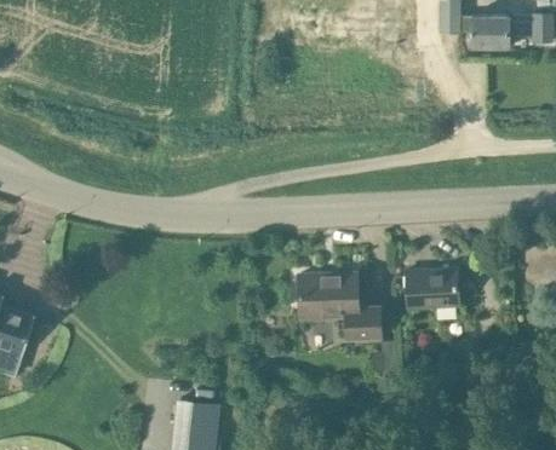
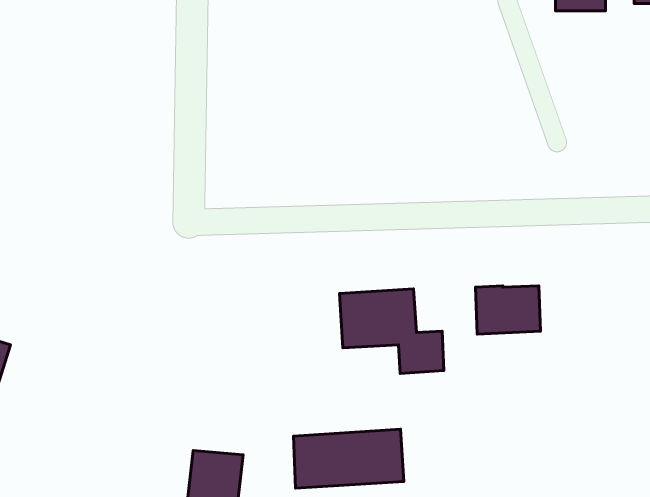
building: none -> [294,429,404,488]

